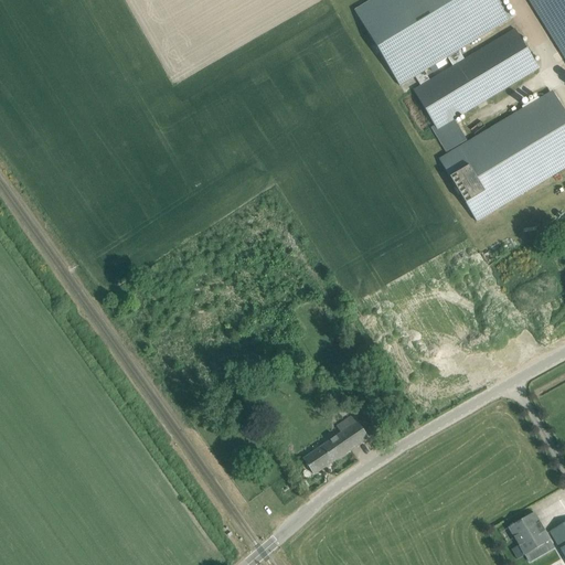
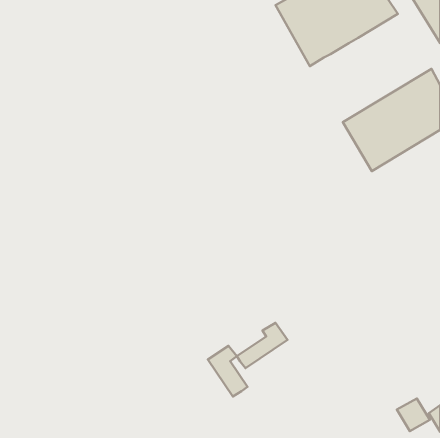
building: [414,28,540,151] -> none
building: none -> [208,346,248,396]

